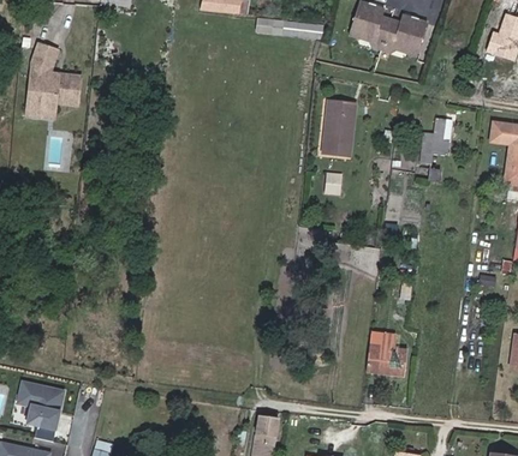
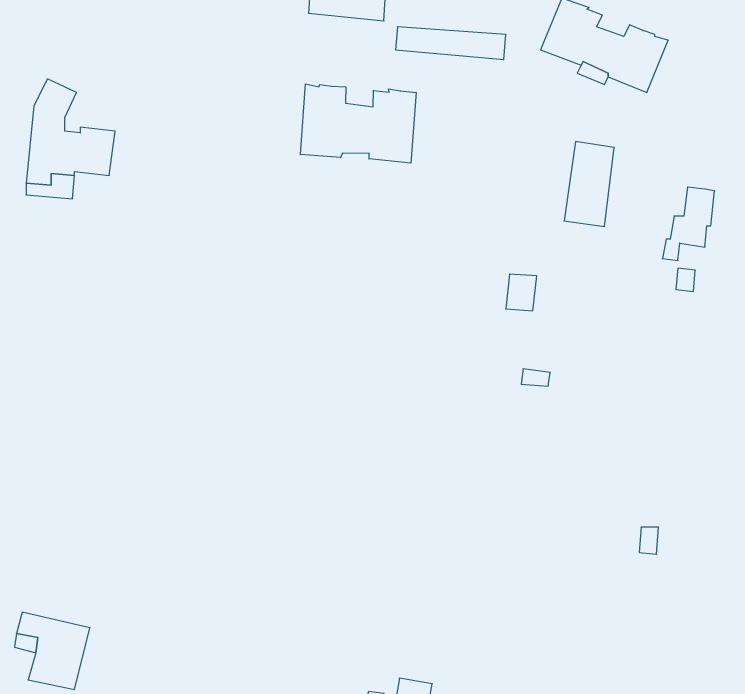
building: none -> [300,84,416,163]
building: [321,101,352,154] -> [564,142,614,227]
building: [365,346,406,376] -> none

